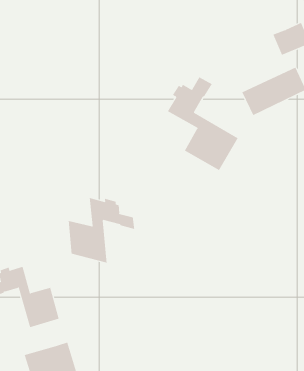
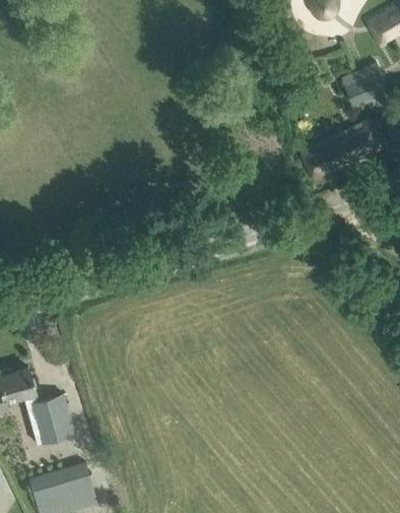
building: [167,76,238,171] -> none
building: [68,197,135,263] -> none

